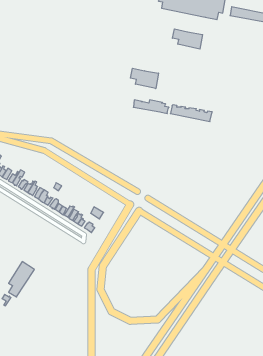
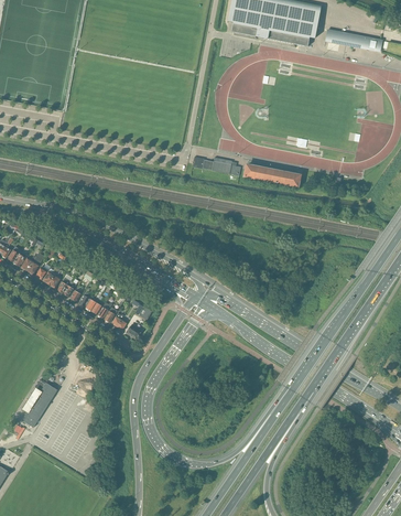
building: [172,29,203,49] -> none
building: [130,68,158,89] -> none

